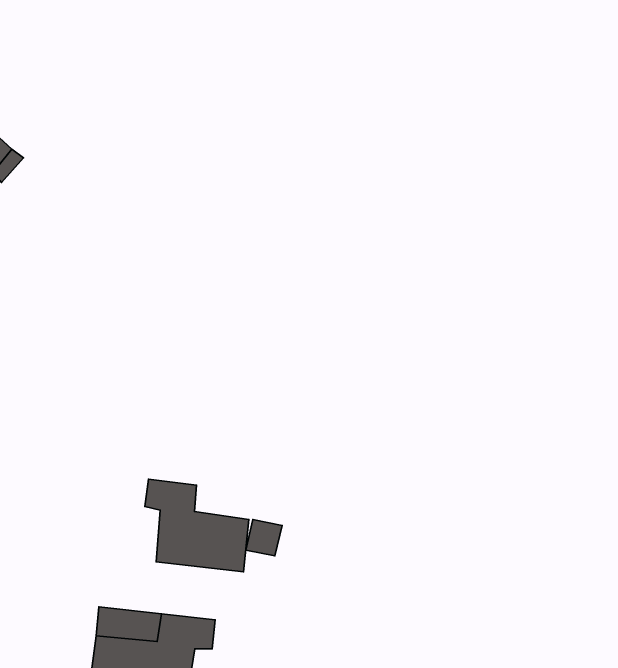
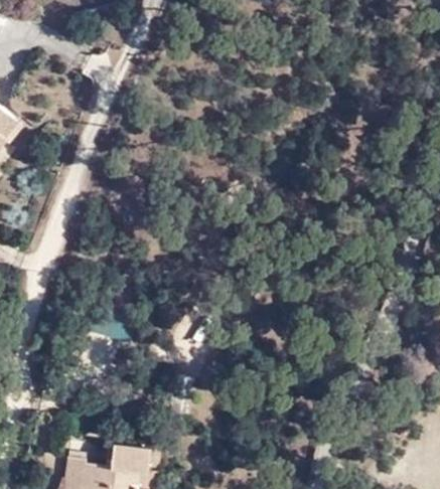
building: [145,479,249,572] -> none

